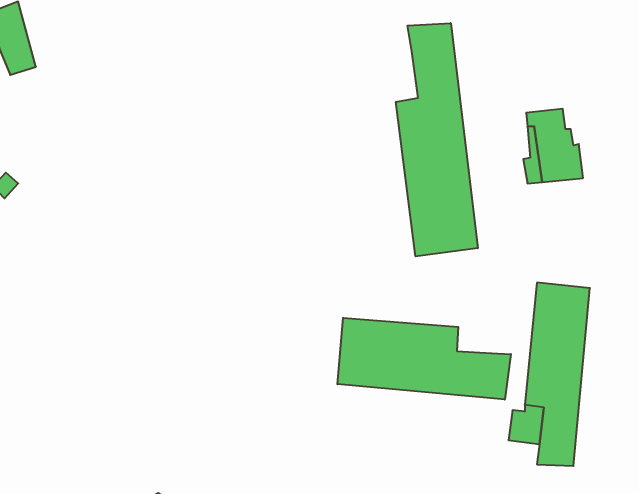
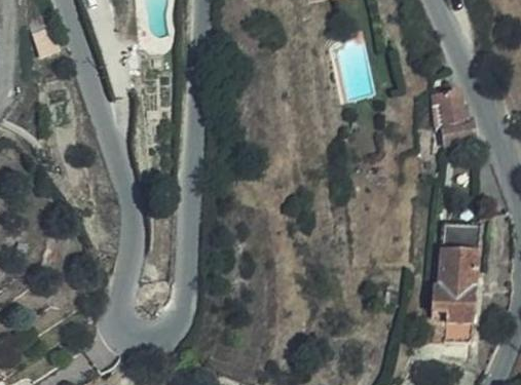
building: [396,23,478,256] -> none
building: [337,318,511,400] -> none

